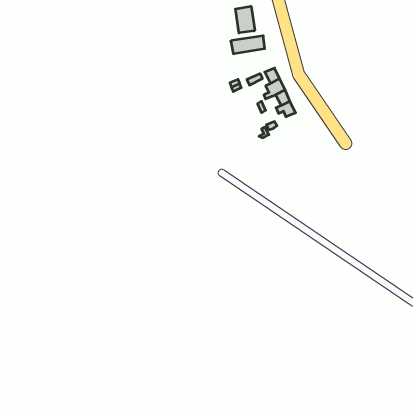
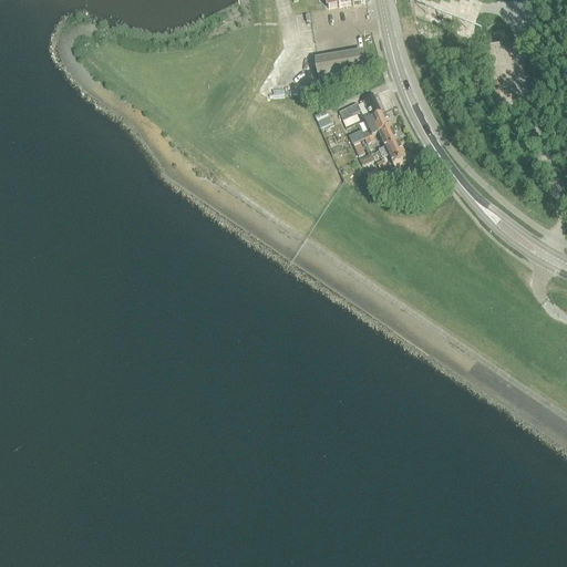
building: [235,6,255,33] -> none

